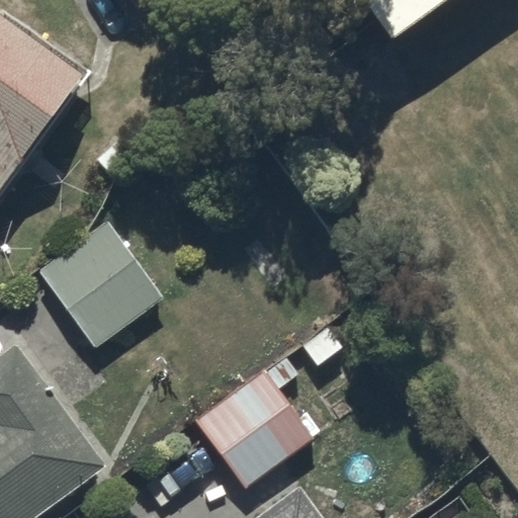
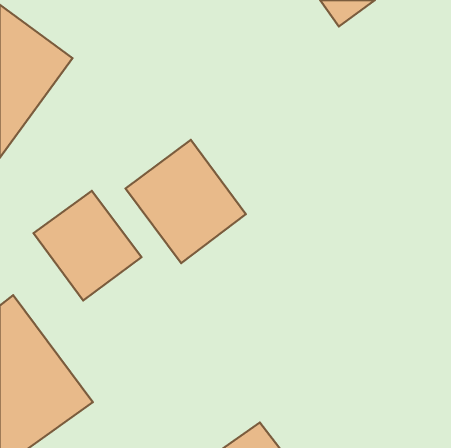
building: none -> [125,140,246,263]
building: [197,356,315,489] -> none

